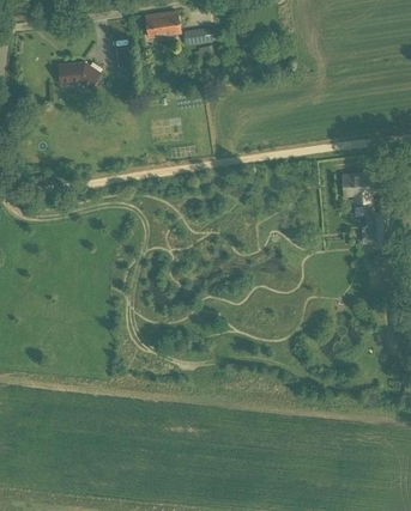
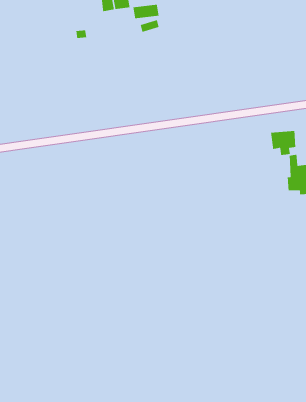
building: [59,62,99,89] -> none

